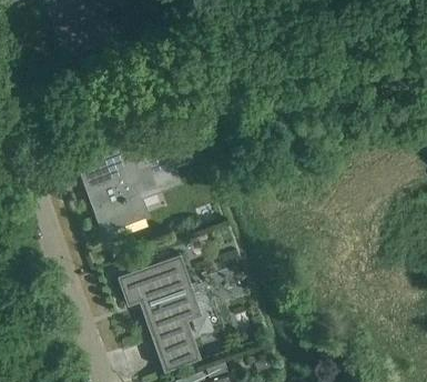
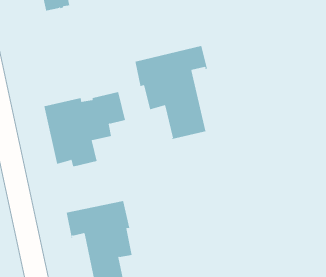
building: none -> [135,45,209,140]

